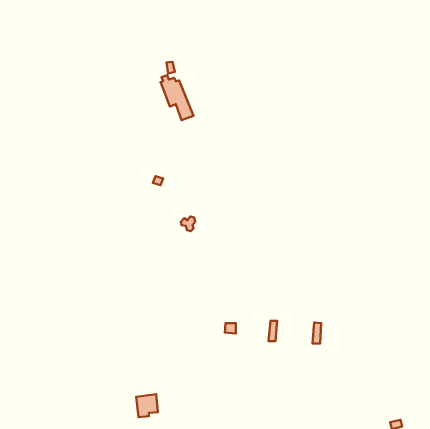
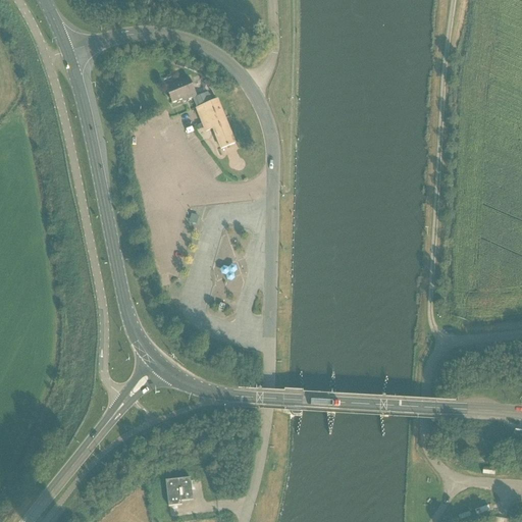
building: none -> [165,74,197,99]

